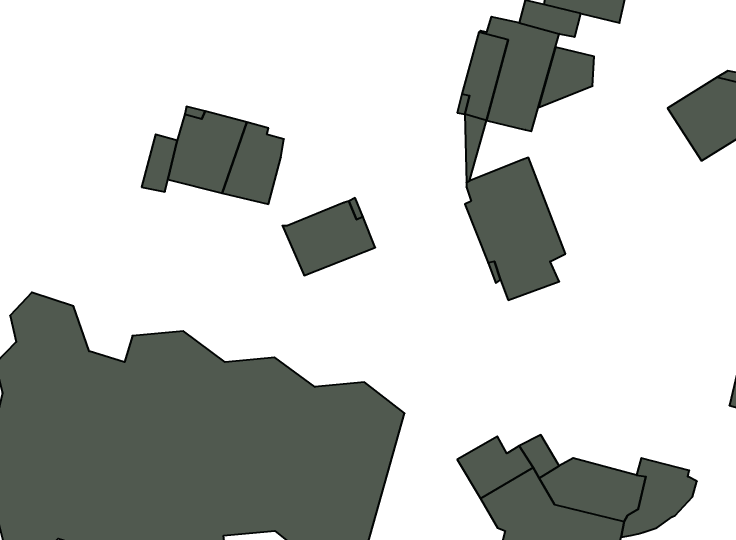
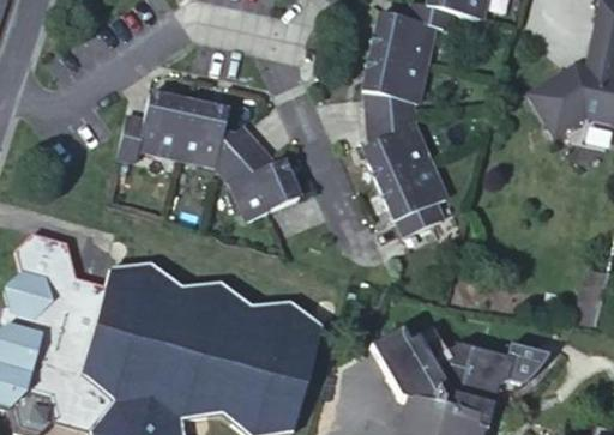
building: [538,47,594,108] -> [372,98,415,145]
building: none -> [216,122,275,180]

